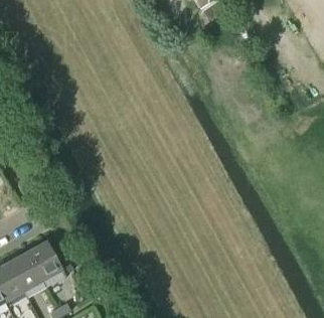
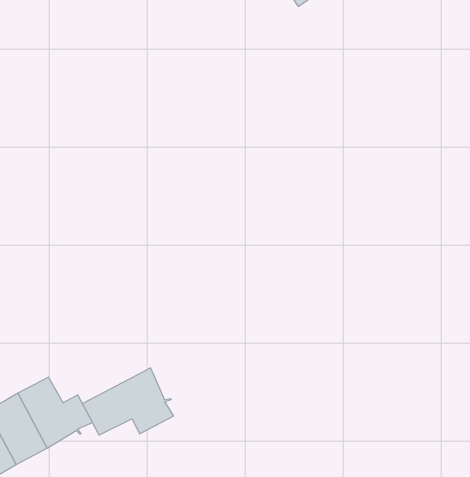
building: none -> [82,368,174,435]

